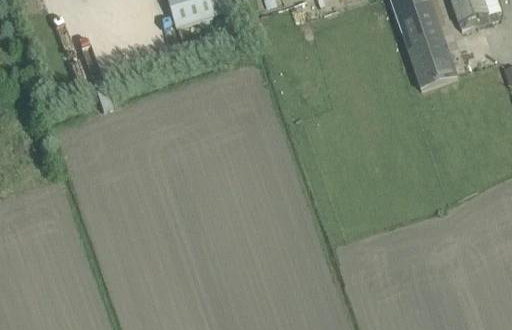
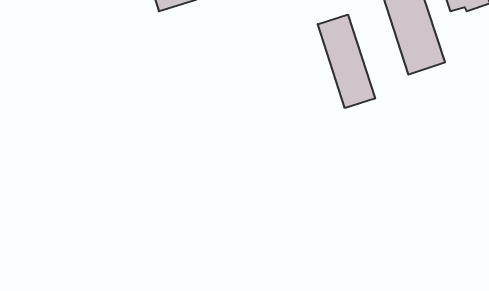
building: none -> [318,15,375,108]

